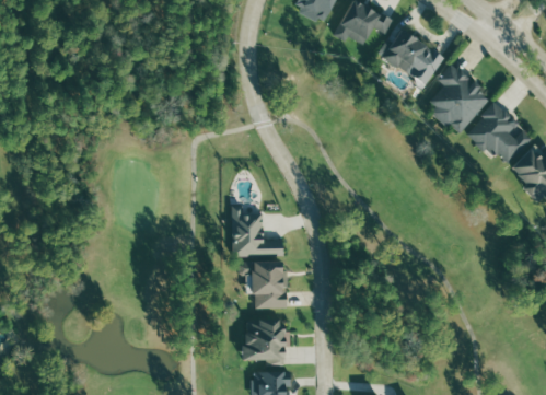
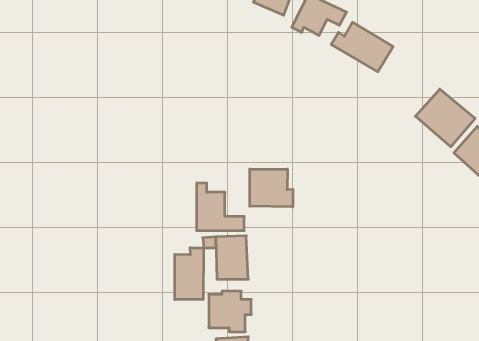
building: [430,63,491,135] -> none
building: none -> [250,169,293,207]
building: none -> [175,248,204,300]

